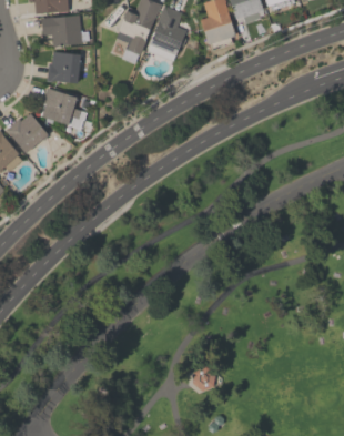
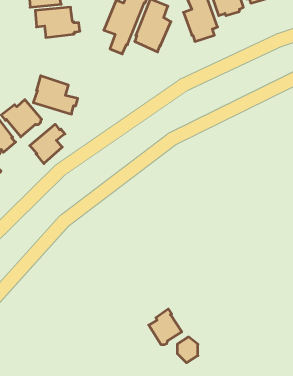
building: [47,51,81,82] -> none
building: none -> [30,124,65,164]
building: none -> [149,309,182,345]

